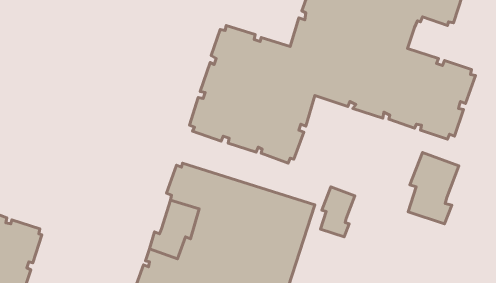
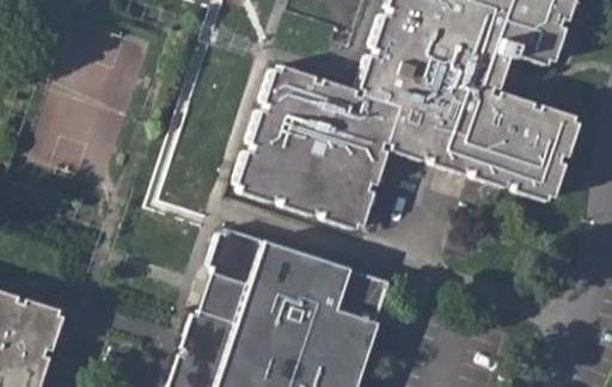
building: [408,152,459,224] -> none
building: [320,187,355,237] -> none

